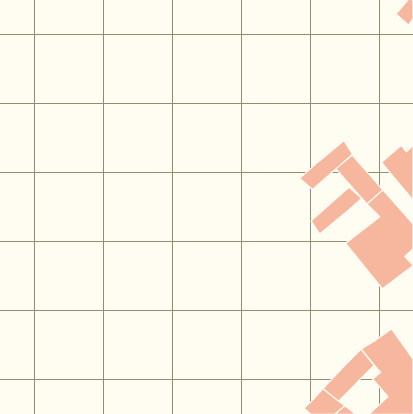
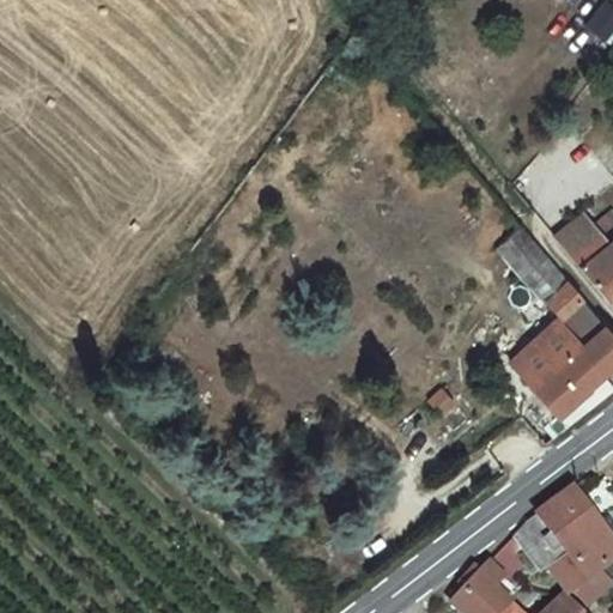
building: [299,141,352,190] -> none
building: [311,187,362,234] -> none

